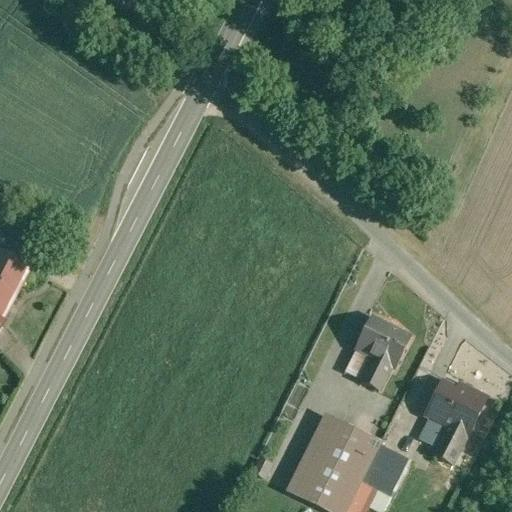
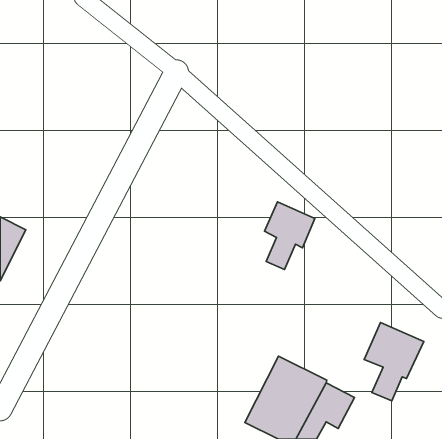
building: [355,313,413,391] -> [265,202,315,269]

